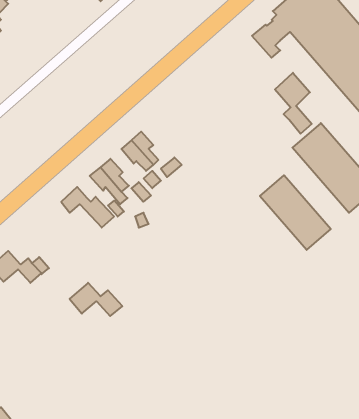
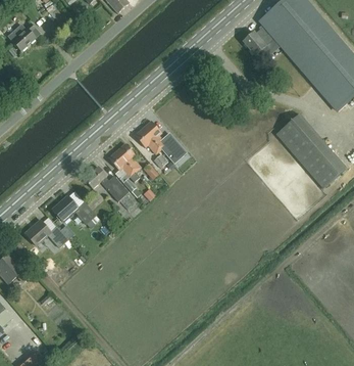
building: [275,73,312,134] -> none
building: [260,175,331,250] -> none
building: [70,283,122,316] -> [52,195,96,223]

